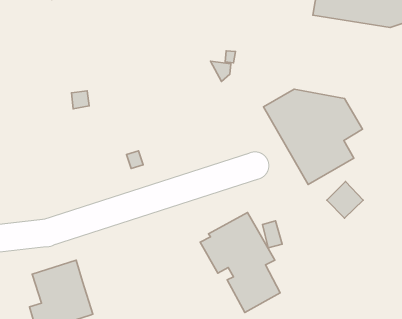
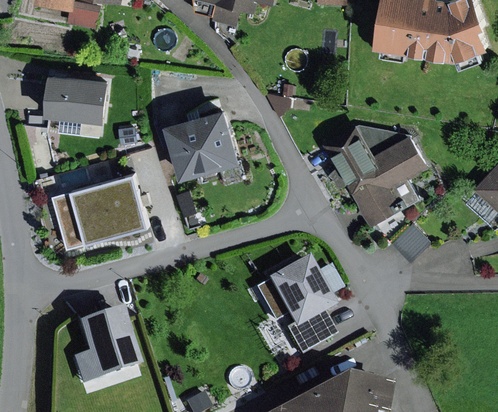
building: none -> [44,73,108,124]
building: none -> [164,108,240,180]
building: none -> [50,173,148,250]

